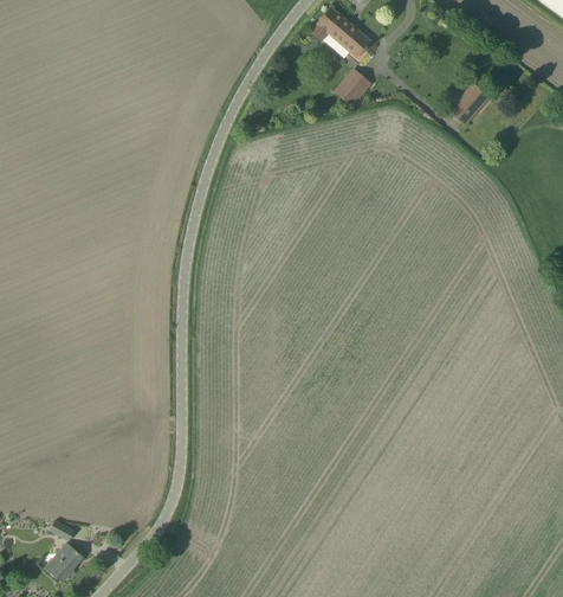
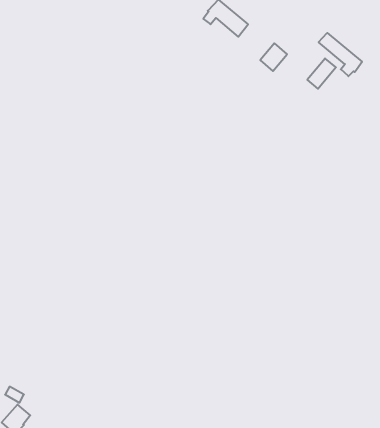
building: none -> [319,33,362,76]
building: [335,69,370,105] -> [260,43,287,71]

